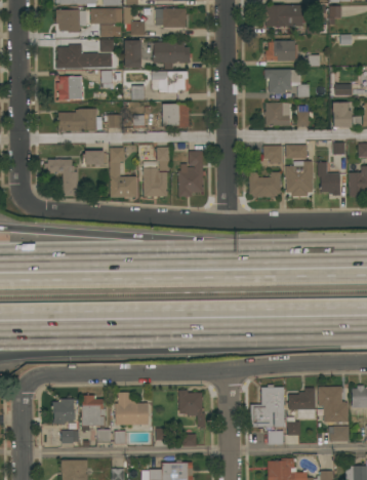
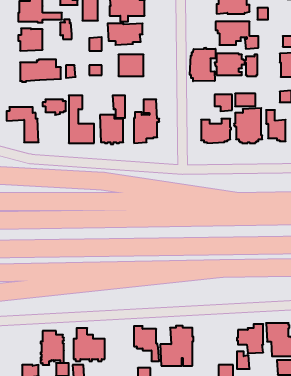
building: none -> [190,48,216,81]
building: [250,385,285,427] -> [160,326,193,366]
building: [52,398,75,424] -> none

